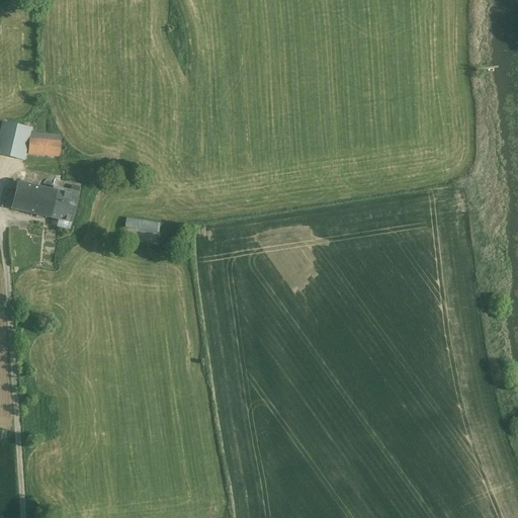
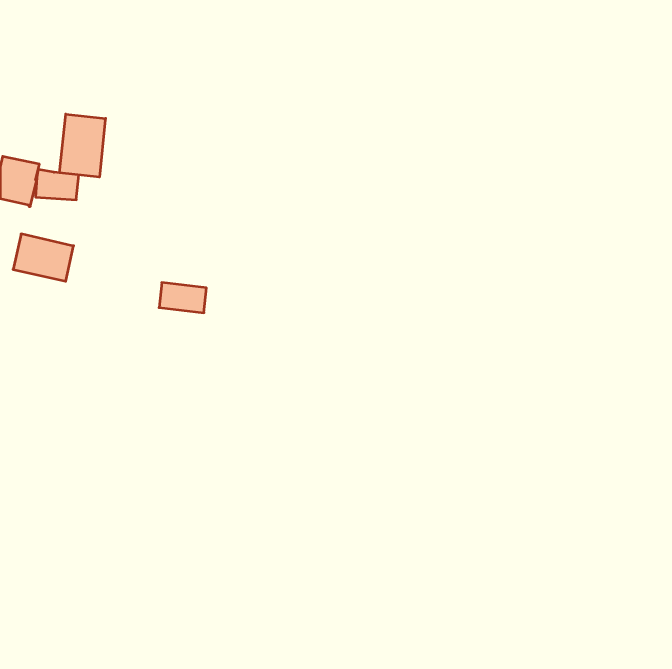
building: none -> [60,114,106,177]
building: [51,186,78,228] -> none

